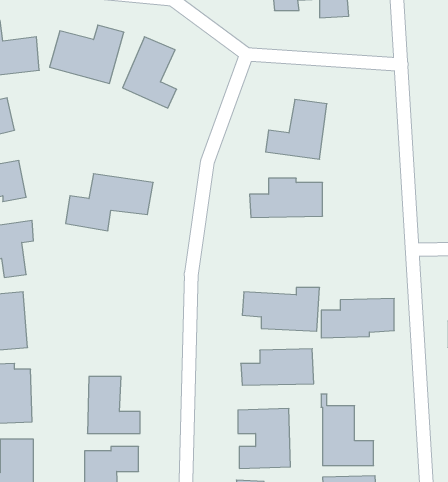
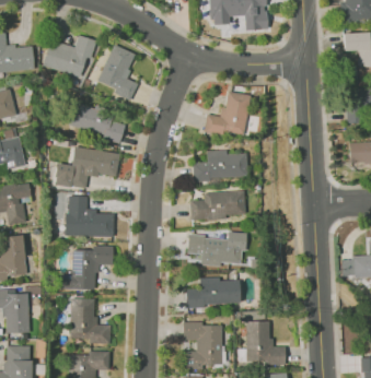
building: none -> [68,102,125,142]
building: none -> [67,196,114,236]
building: [321,299,394,338] -> [190,190,245,220]
building: none -> [61,245,114,290]

